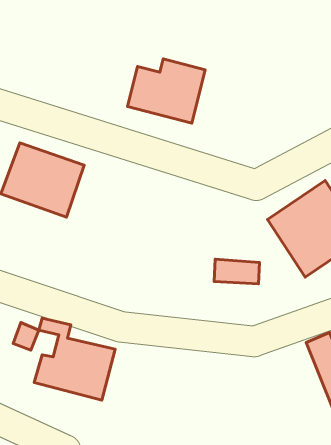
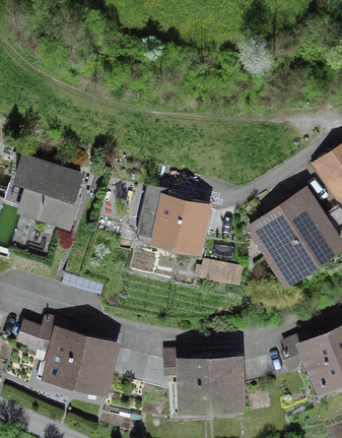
building: [128,59,205,123] -> [137,189,208,248]
building: none -> [167,350,241,411]

